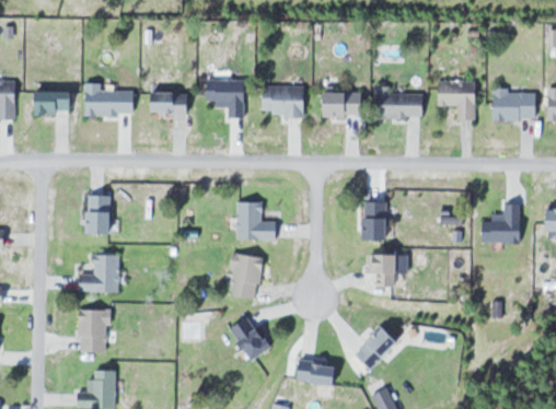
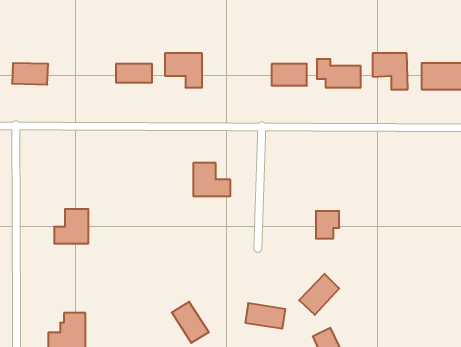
building: [83,83,134,115] -> none
building: [260,85,304,116] -> none
building: [86,196,112,234] -> none
building: [362,202,386,241] -> none
building: [479,206,521,243] -> none
building: [230,256,259,299] -> none
building: [78,309,111,353] -> none
building: [230,316,271,362] -> [172,302,209,343]

